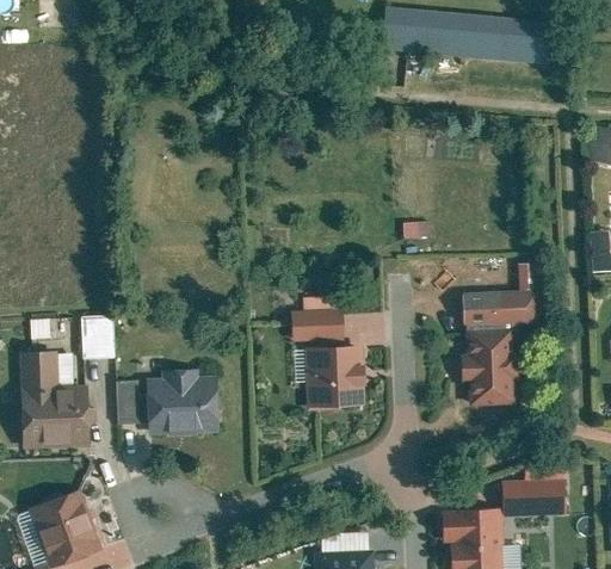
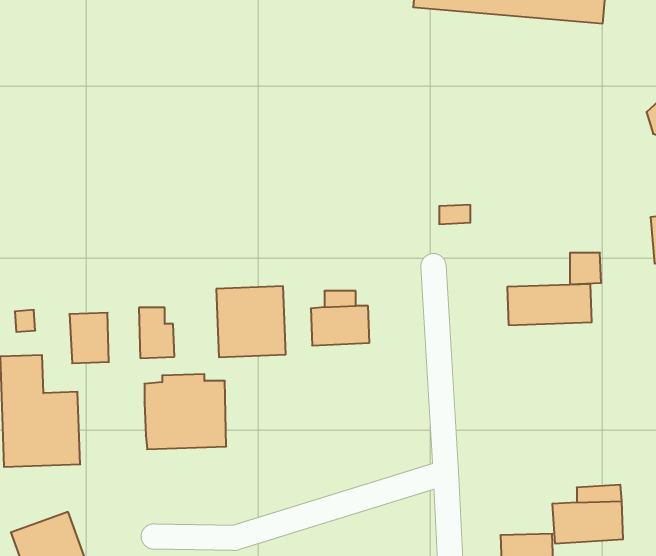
building: [461,328,520,406] -> none
building: [304,346,365,408] -> [216,286,286,357]
building: [116,379,147,423] -> [139,308,174,358]

